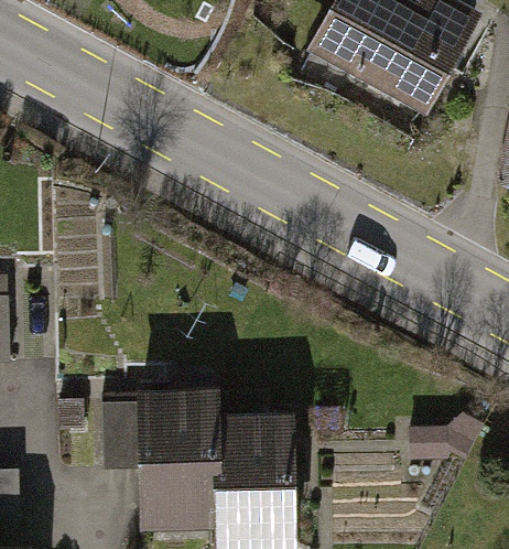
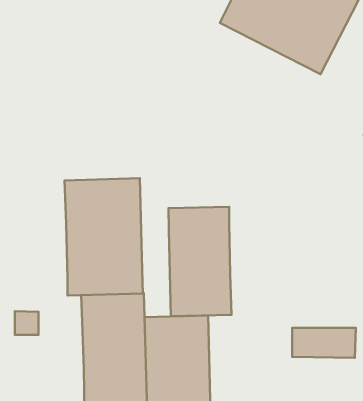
building: none -> [65,178,143,295]
building: none -> [168,207,231,316]

